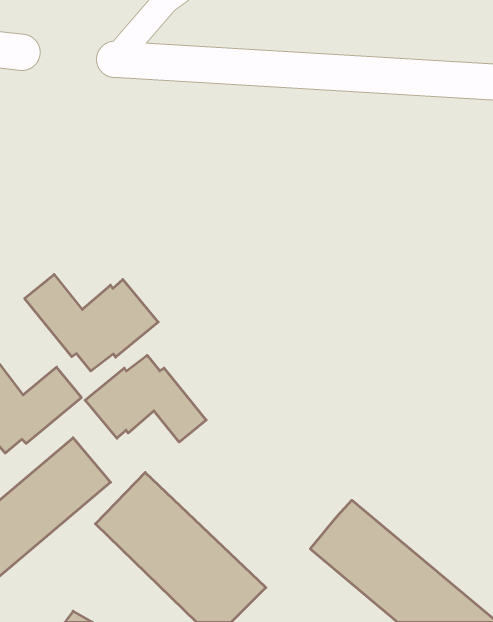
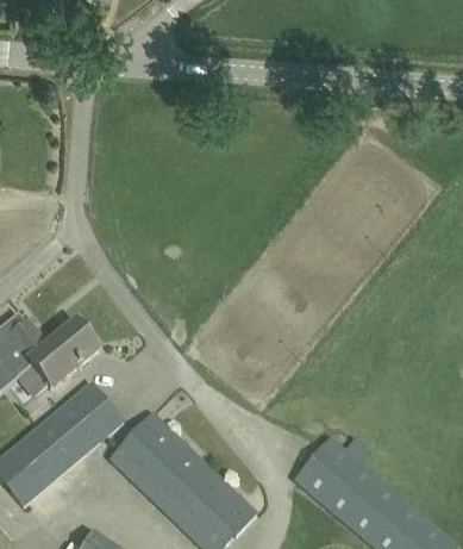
building: [25,274,158,371] -> none
building: [85,355,206,442] -> none

